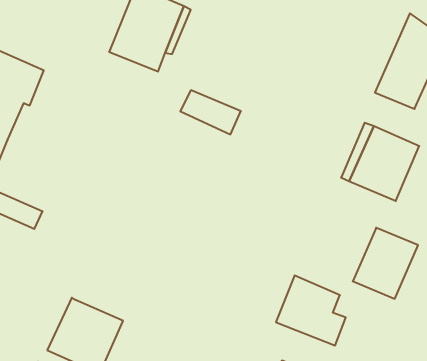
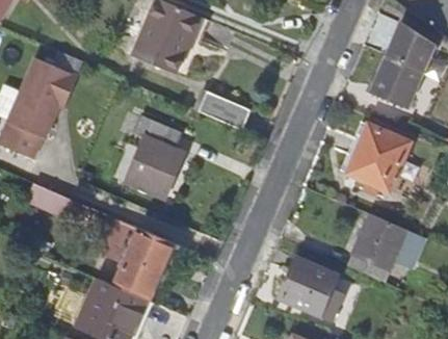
building: none -> [134,113,183,193]
building: none -> [98,217,172,298]

